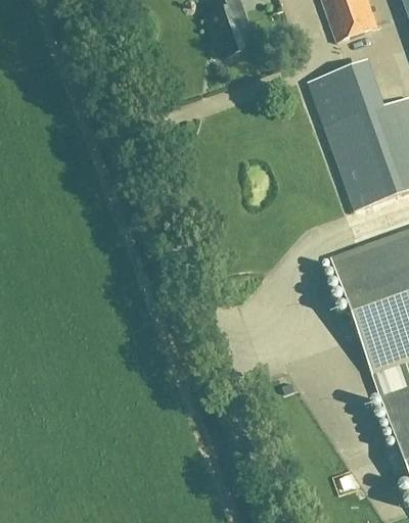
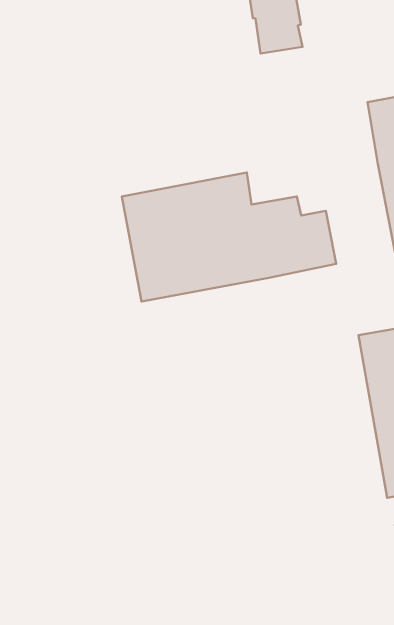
building: none -> [122,172,336,302]

